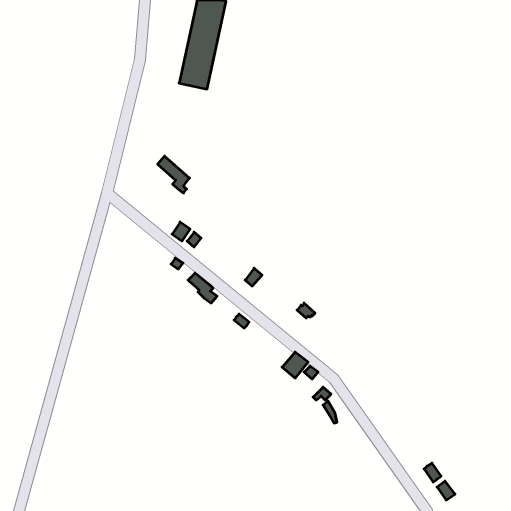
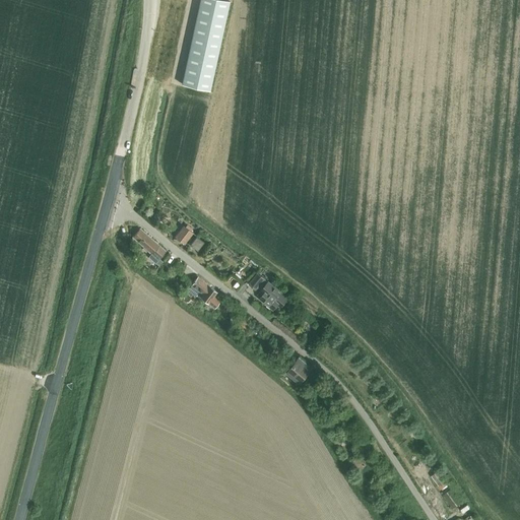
building: [158,156,190,193] -> [133,229,166,266]
building: none -> [258,281,289,312]

